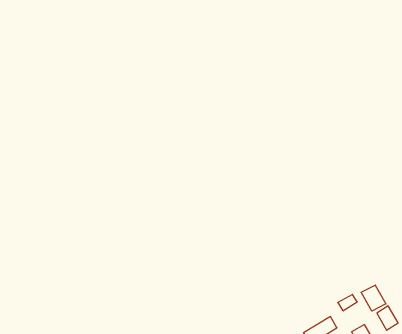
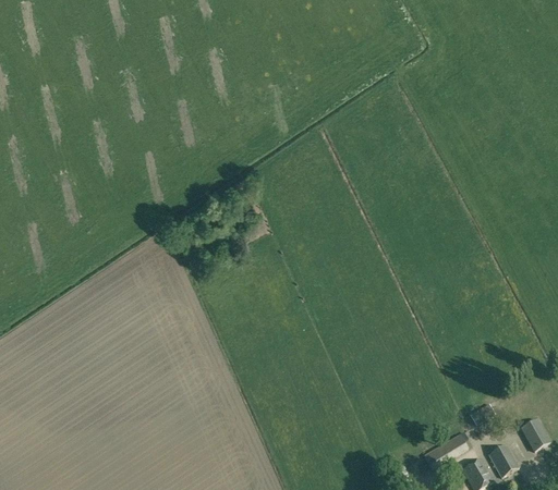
building: [361,285,386,311] -> none

